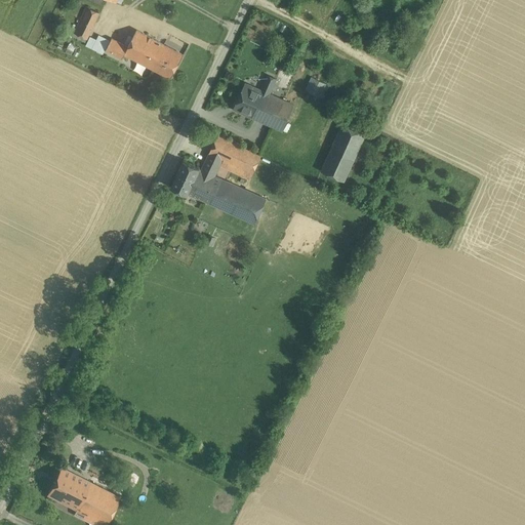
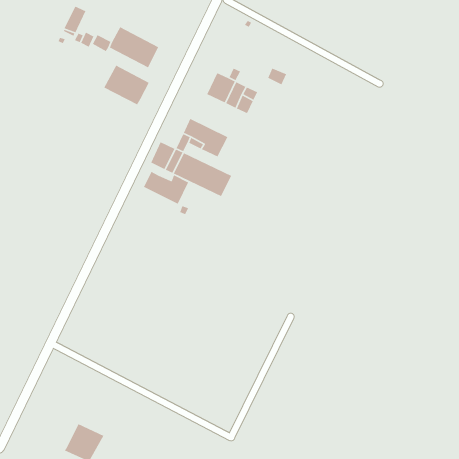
building: none -> [103,65,150,106]
building: [319,124,366,183] -> none
building: none -> [143,171,189,205]
building: [46,468,89,510] -> none

